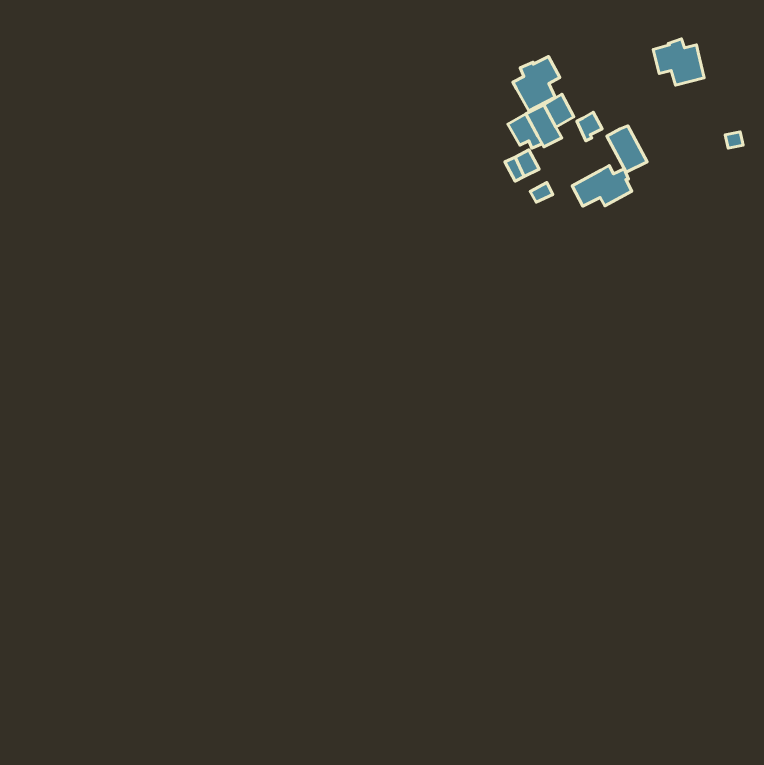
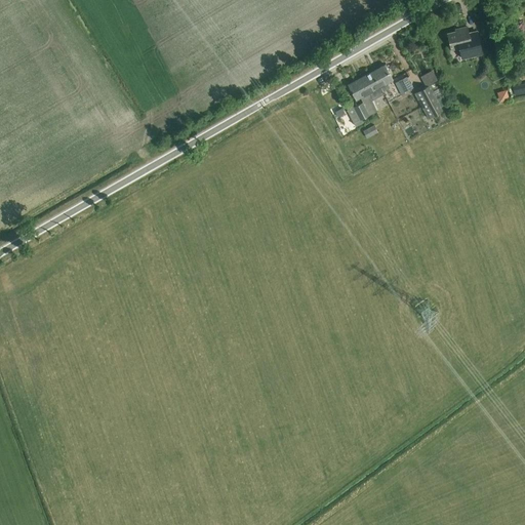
building: [513,56,560,111] -> none
building: [572,165,632,206] -> none

